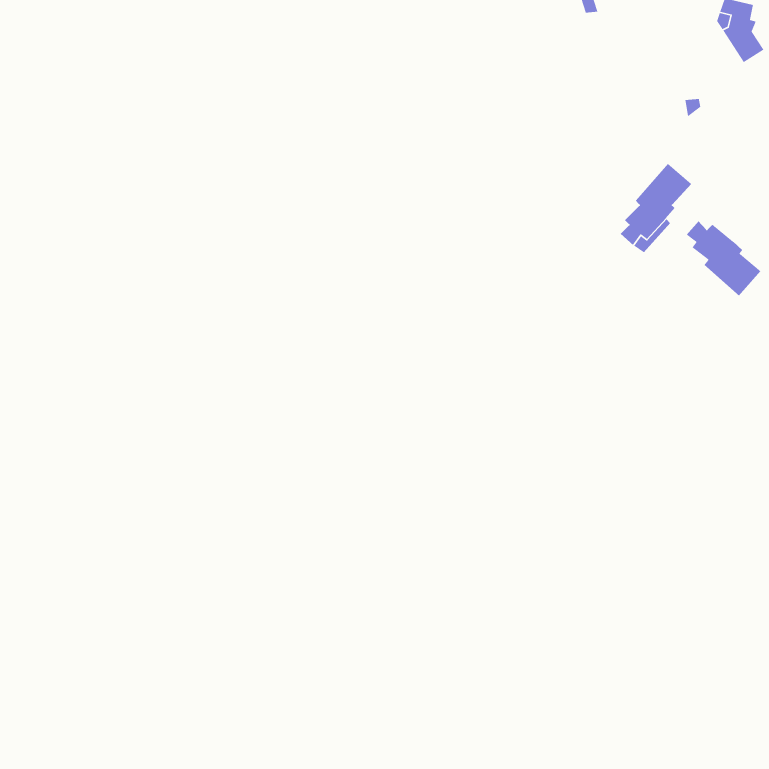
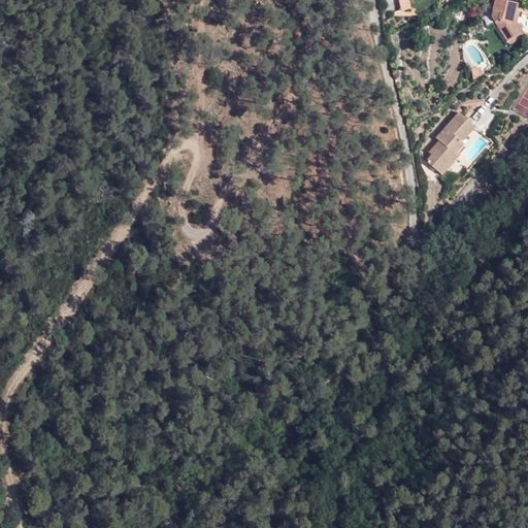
building: [686,220,761,296] -> none

